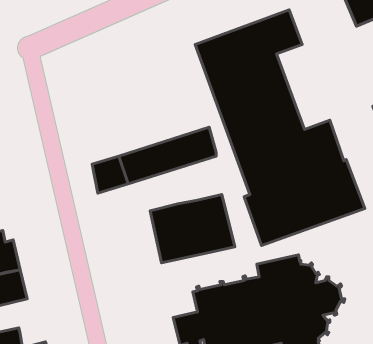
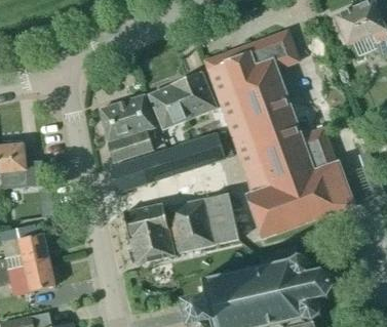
building: none -> [149,71,216,129]
building: none -> [100,94,154,162]
building: none -> [123,203,175,264]

